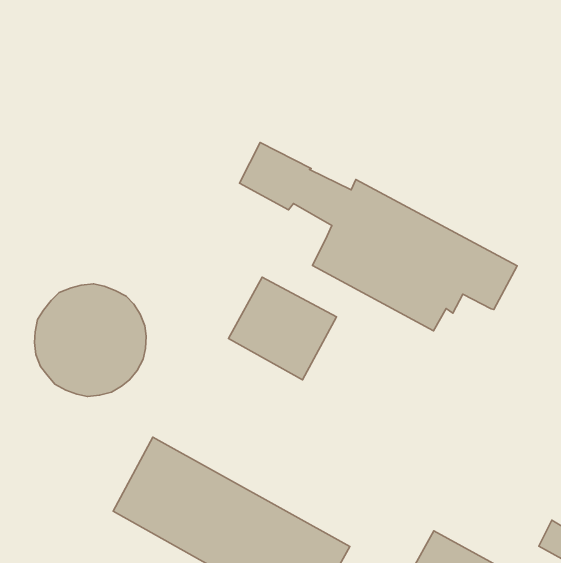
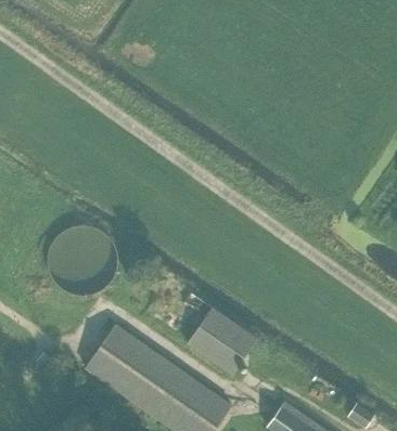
building: [239,142,517,331] -> none
building: [228,277,336,380] -> [188,309,256,375]

